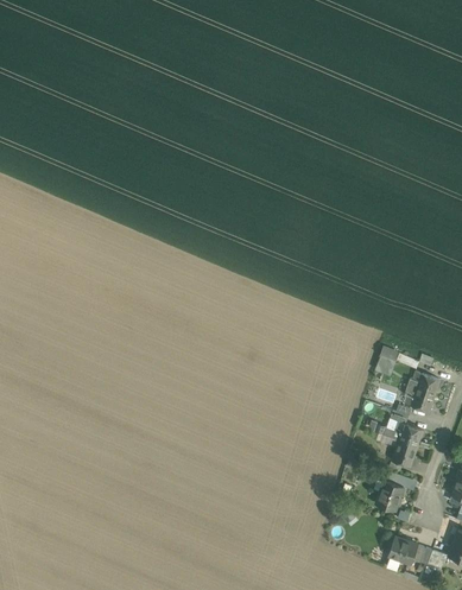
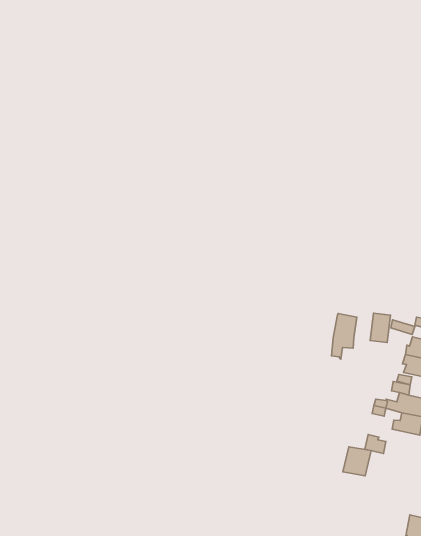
building: none -> [332,314,357,359]
building: [374,481,403,509] -> [343,447,371,476]

